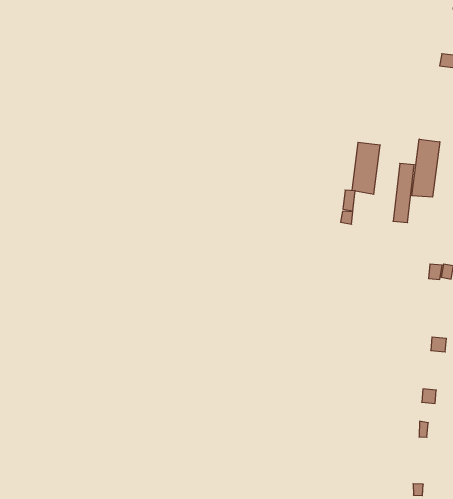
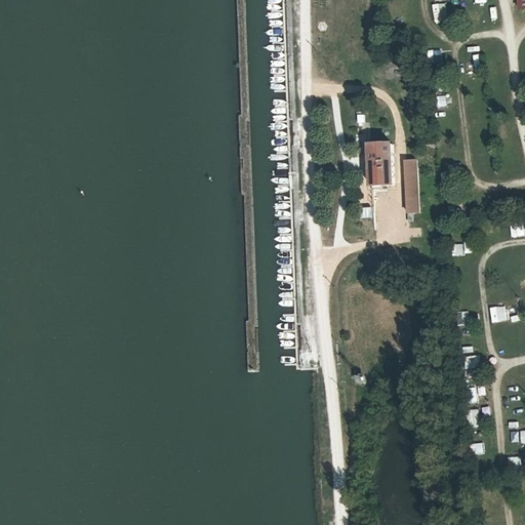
building: [412,139,440,197] -> none

